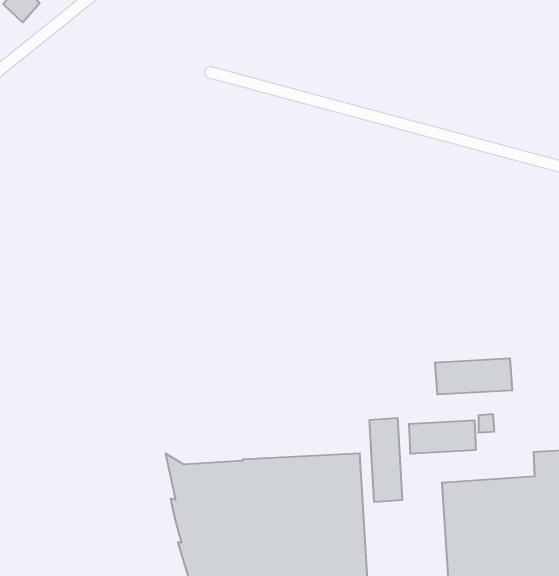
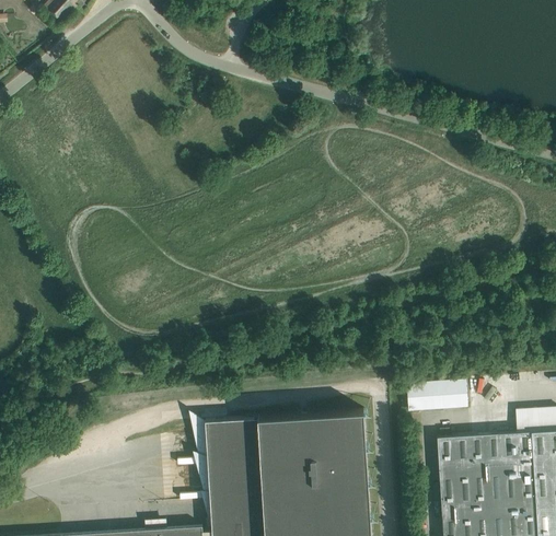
building: [435,358,512,395] -> none
building: [370,418,402,502] -> none

